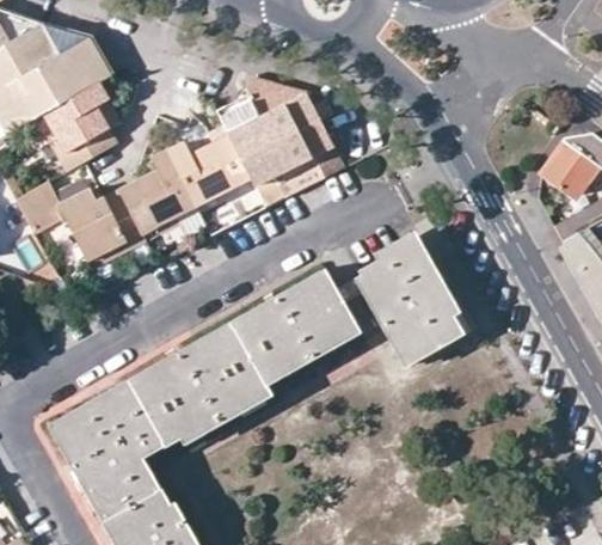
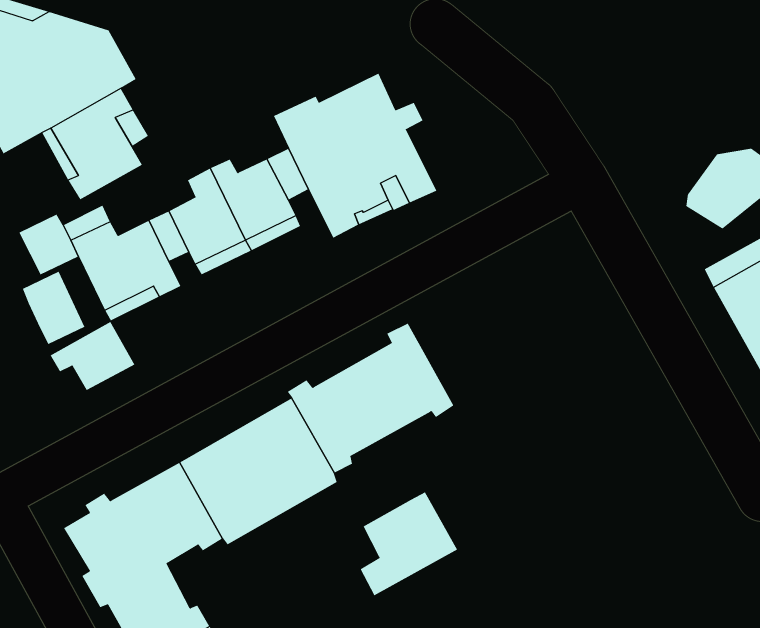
building: none -> [22,271,85,345]
building: [357,240,463,365] -> none
building: none -> [50,321,135,391]
building: none -> [360,491,458,596]

